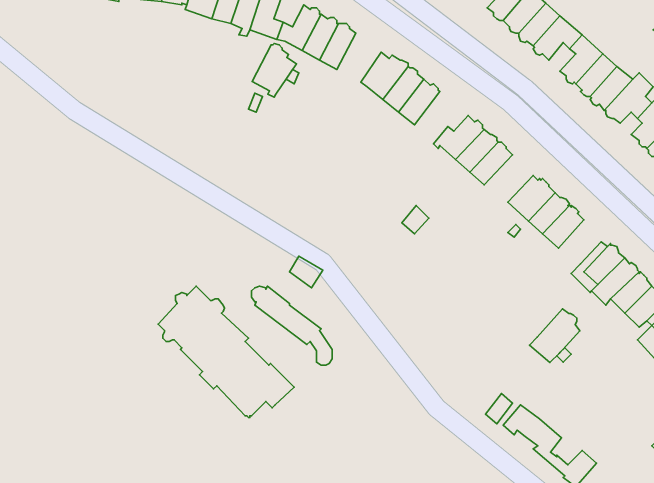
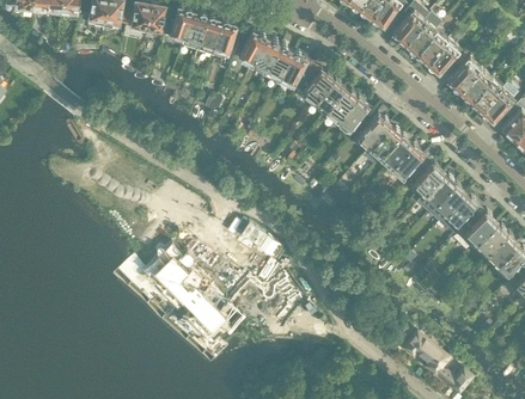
building: [252,43,296,97] -> [279,51,312,92]
building: none -> [337,97,368,142]
building: none -> [390,145,427,180]
building: [529,309,580,363] -> [440,194,478,234]

